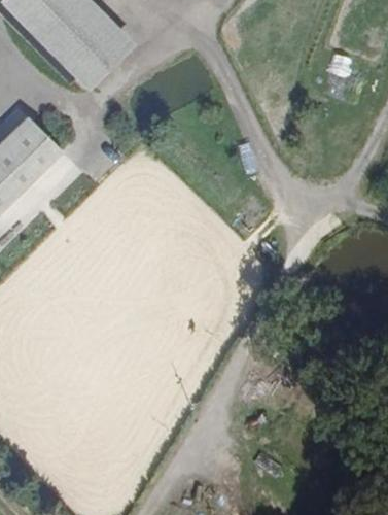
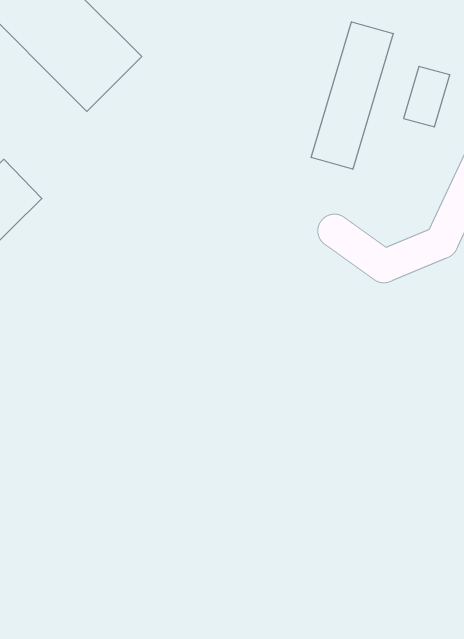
building: none -> [311,22,393,169]

